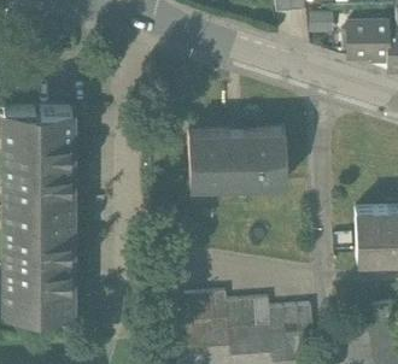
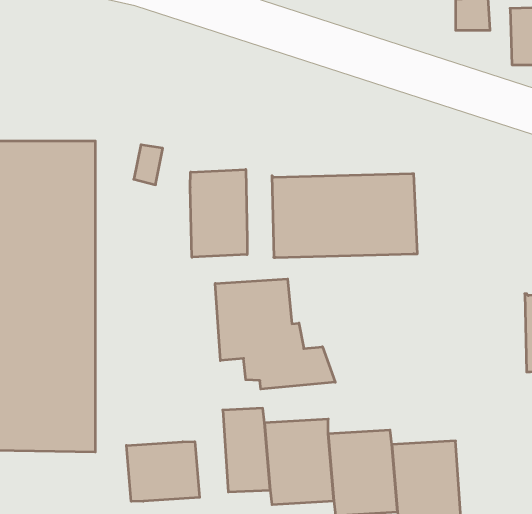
building: none -> [190,169,247,257]
building: none -> [215,279,335,389]
building: none -> [126,442,200,501]

